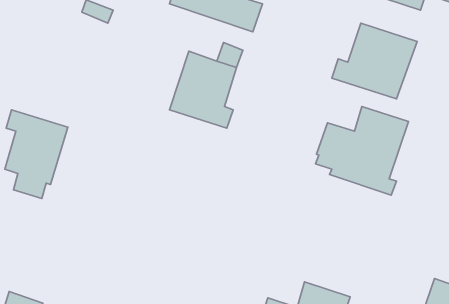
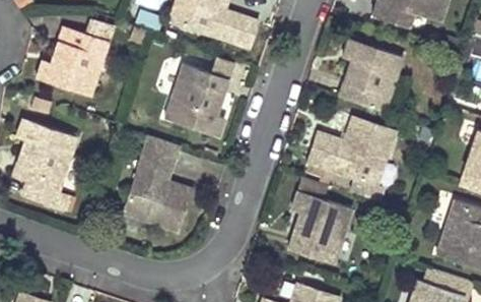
building: none -> [35,24,106,93]
building: none -> [124,136,192,231]
building: none -> [289,189,351,260]

